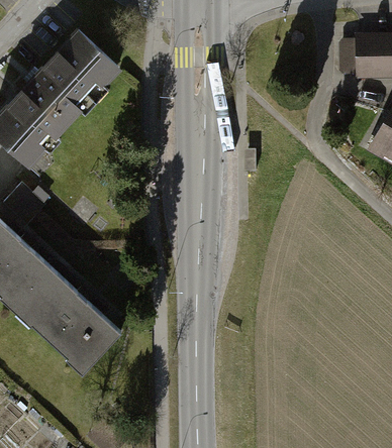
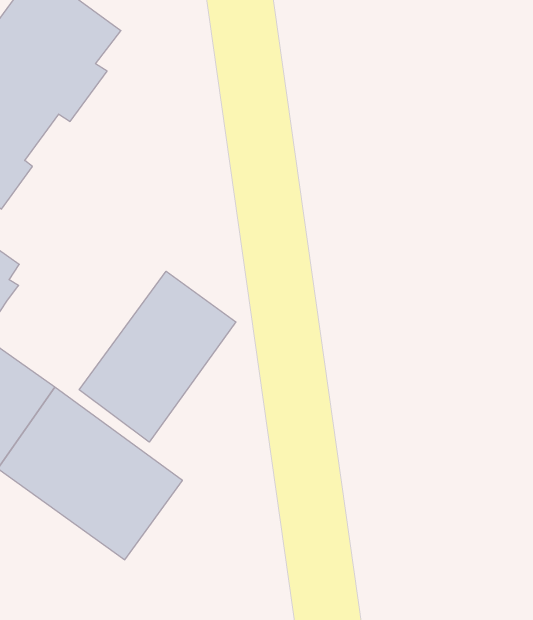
building: none -> [79,271,236,442]

